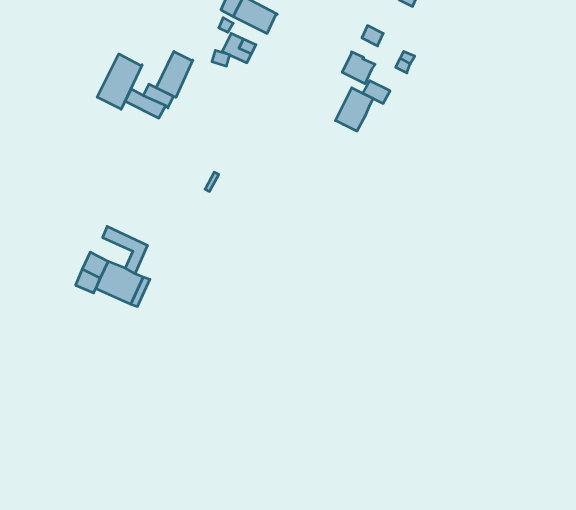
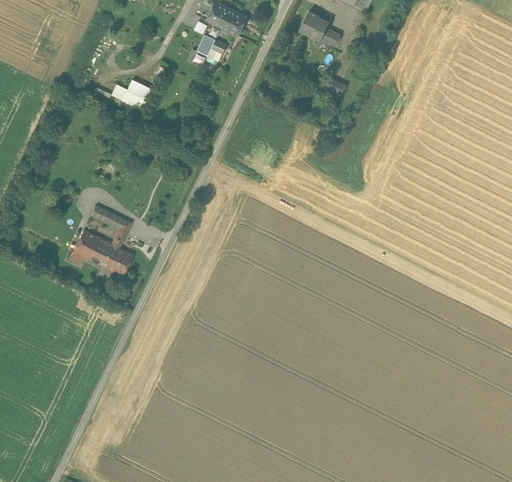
building: [156,51,193,97] -> none
building: [342,52,375,84] -> [300,11,329,39]
building: [97,54,142,109] -> none
building: [335,88,373,131] -> none

